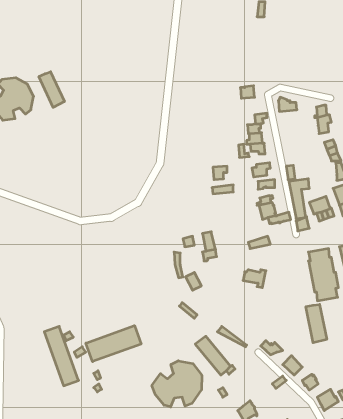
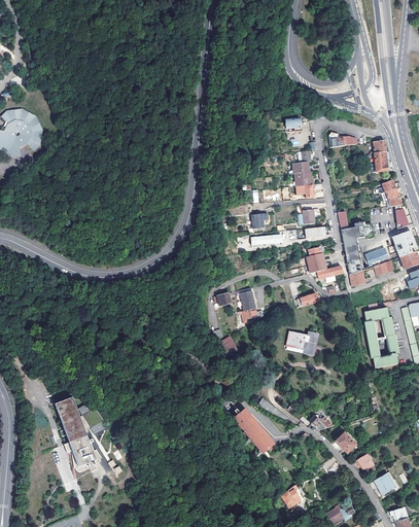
building: [39,72,64,107] -> none
building: [306,304,327,343] -> none
building: [86,326,141,362] -> none
building: [152,361,202,407] -> none

